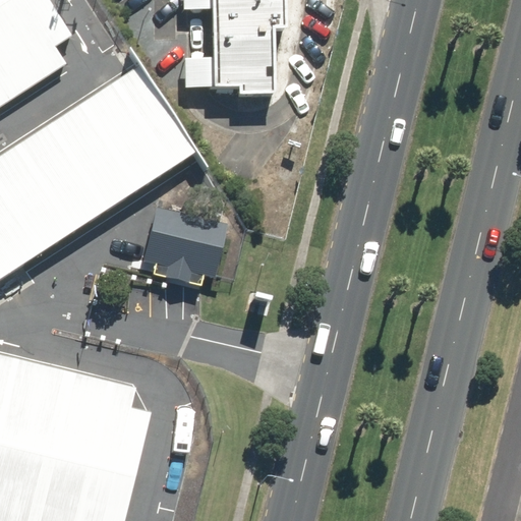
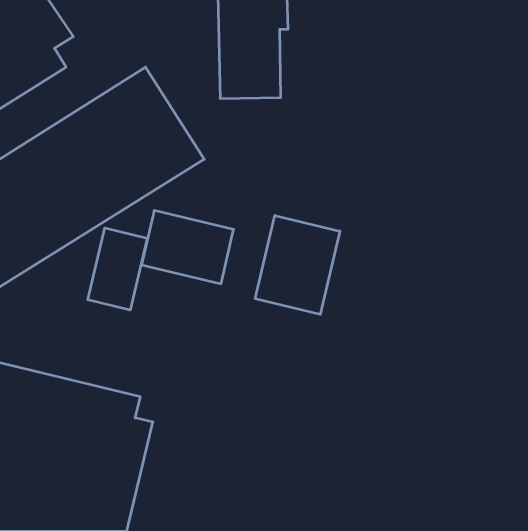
building: none -> [255,215,340,314]
building: none -> [88,228,147,310]

